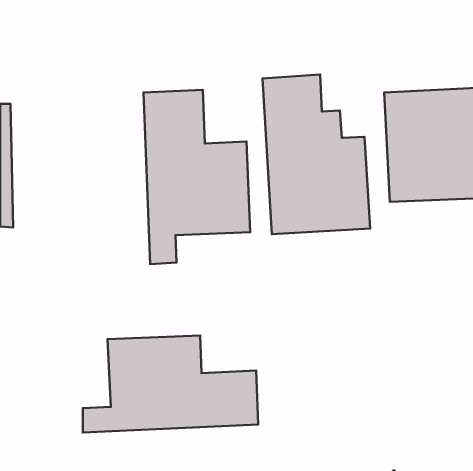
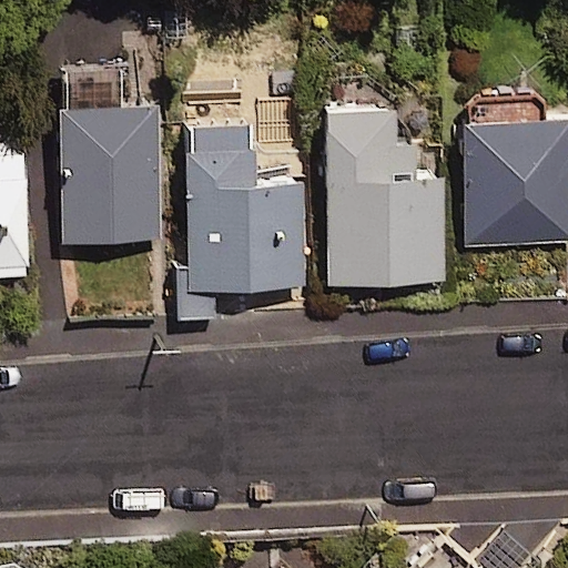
building: none -> [59,103,162,245]
building: [83,335,258,432] -> none

